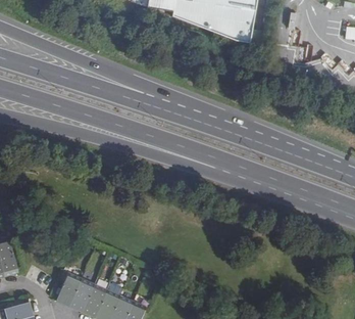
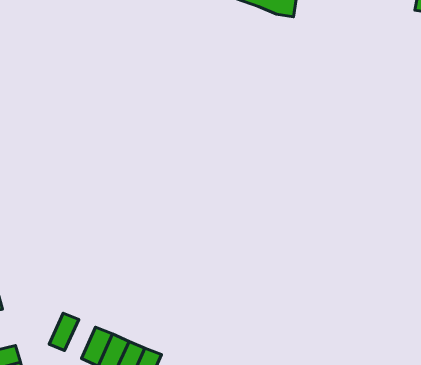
building: [68,282,93,313] -> none

